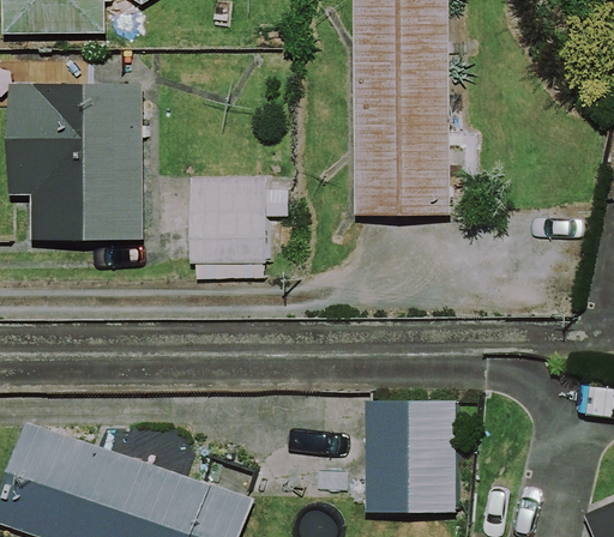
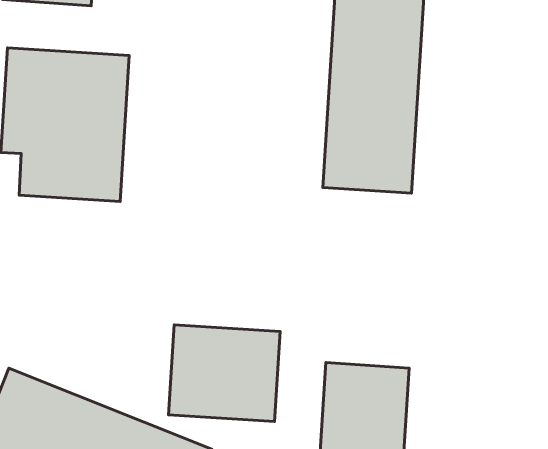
building: [188,177,266,264] -> none
building: none -> [169,325,280,421]

